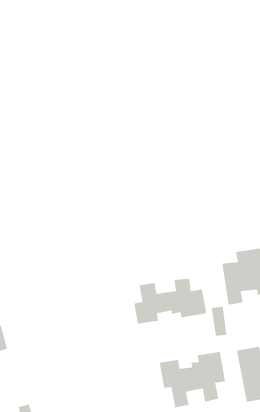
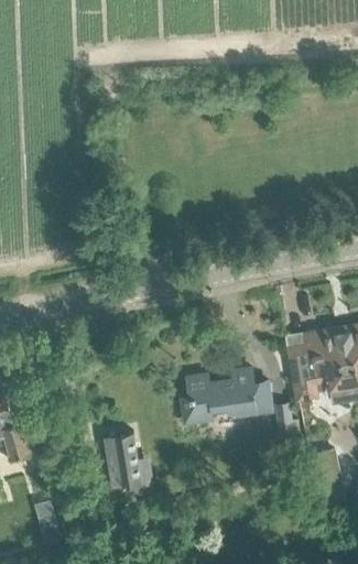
building: none -> [105,432,141,488]
building: [159,351,225,408] -> none

